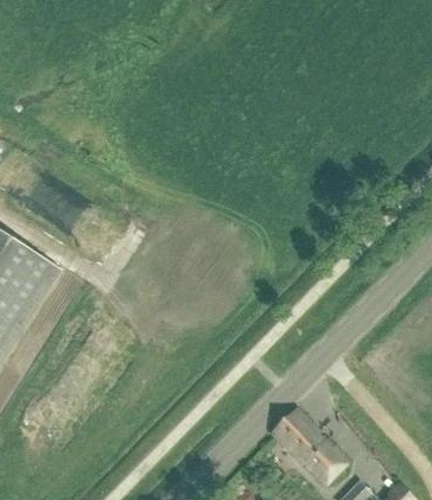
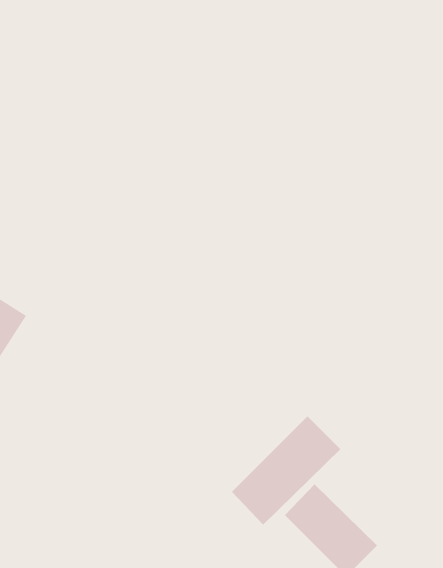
building: none -> [231,415,341,526]

